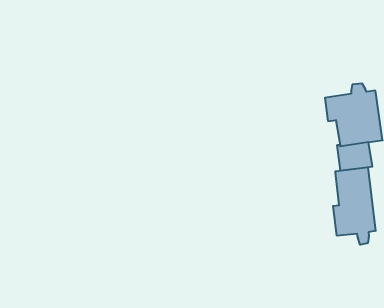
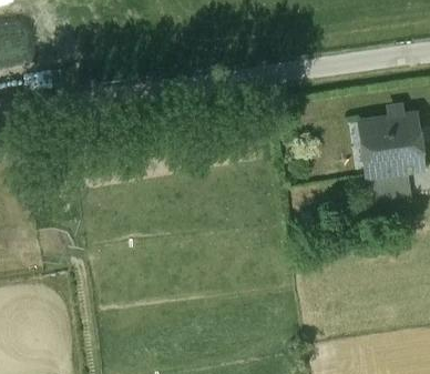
building: [333,167,376,245] -> none

